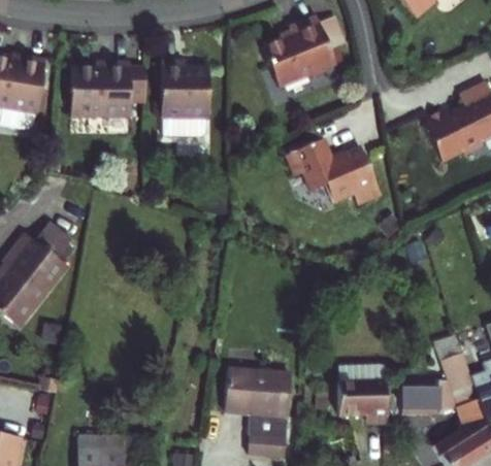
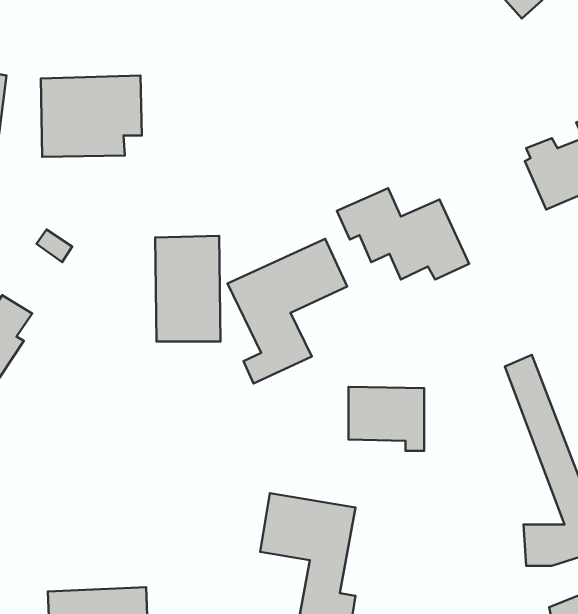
building: [261,15,338,88] -> none
building: [161,60,208,136] -> [155,236,221,341]
building: none -> [228,239,347,383]
building: [332,368,387,414] -> [349,387,424,451]

